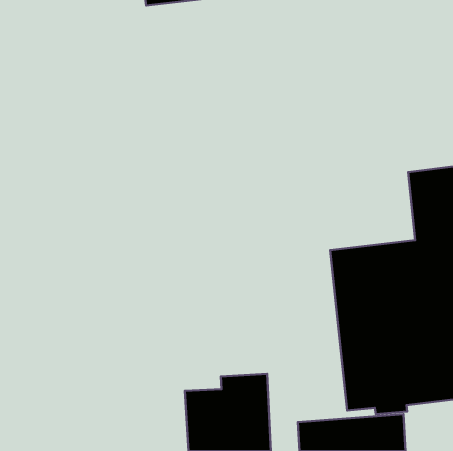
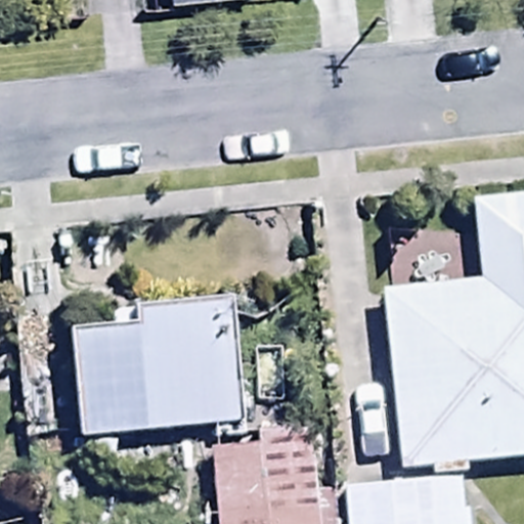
building: none -> [74,298,244,436]

